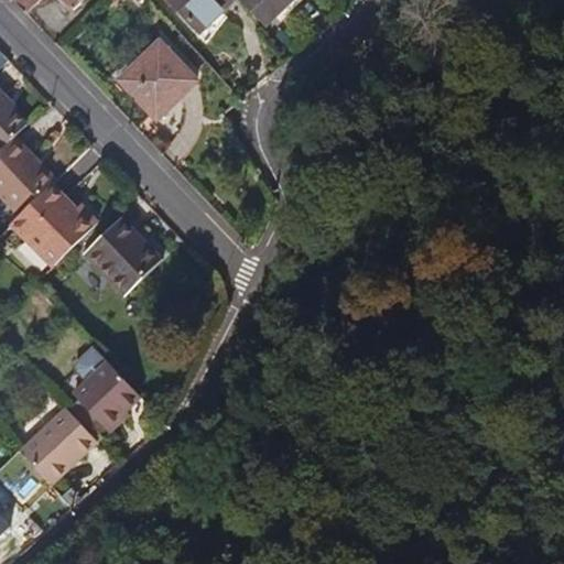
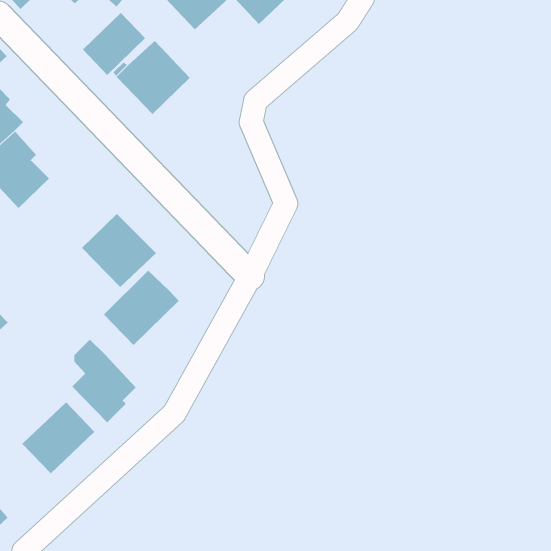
building: none -> [82,12,146,76]
building: [9,182,96,265] -> none
building: none -> [103,270,180,346]

